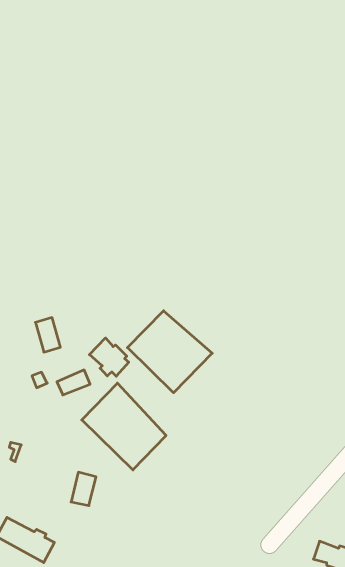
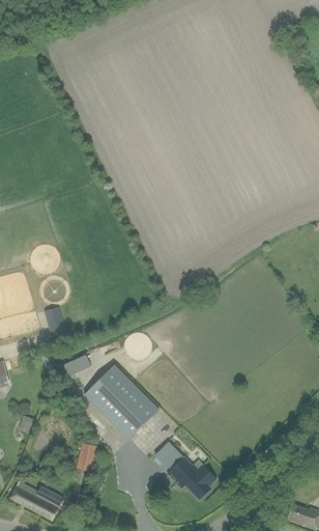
building: [127,311,212,393] -> none
building: [89,338,129,376] -> none
building: none -> [156,441,215,498]

